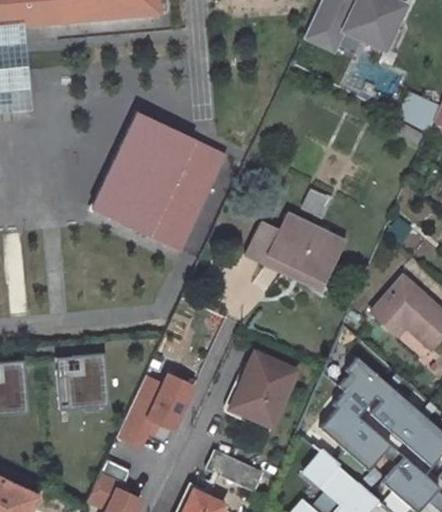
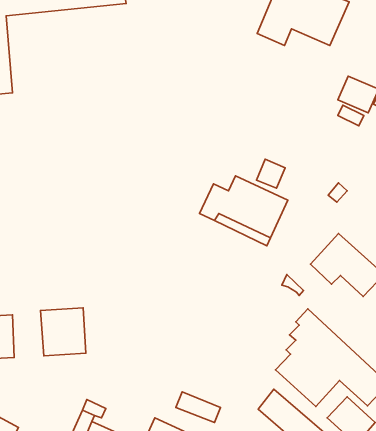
building: [88,107,222,245] -> none
building: [229,352,291,424] -> none
building: [121,375,196,452] -> none

